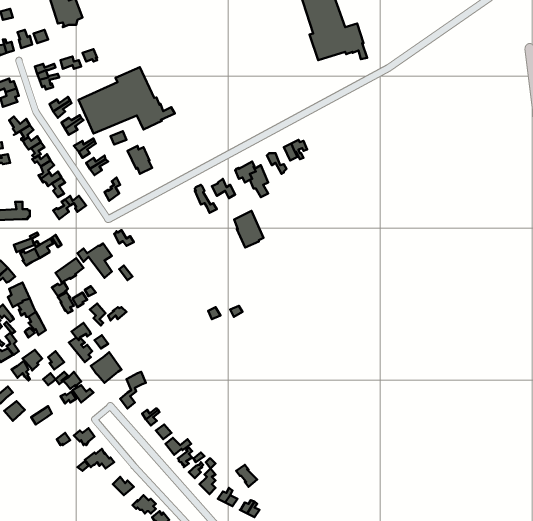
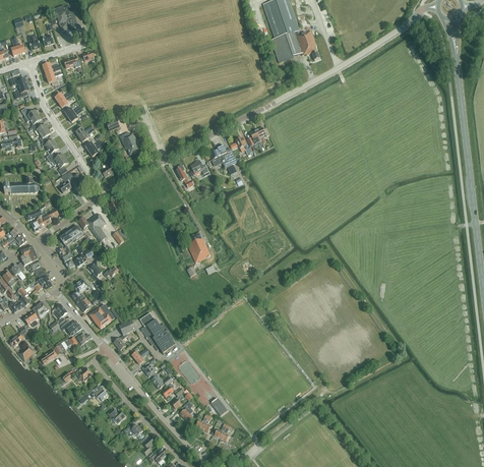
building: [78,67,175,134] -> none
building: [234,211,264,247] -> [185,231,209,261]
building: none -> [139,311,175,353]

